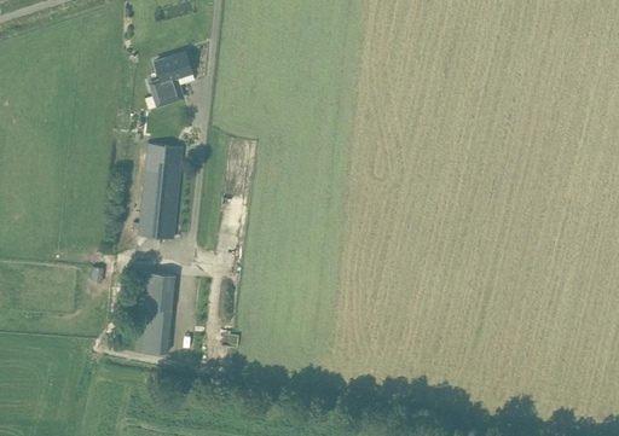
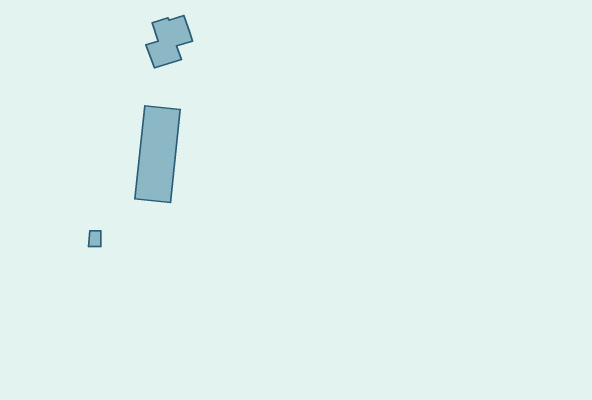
building: [135,271,175,351] -> none

